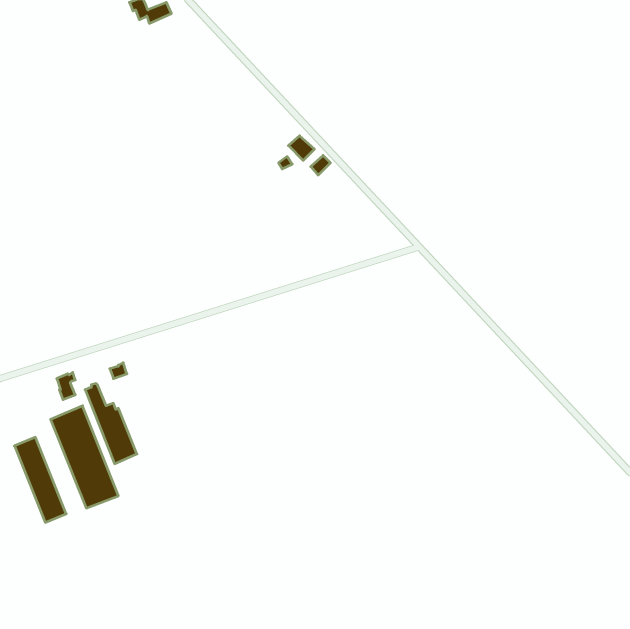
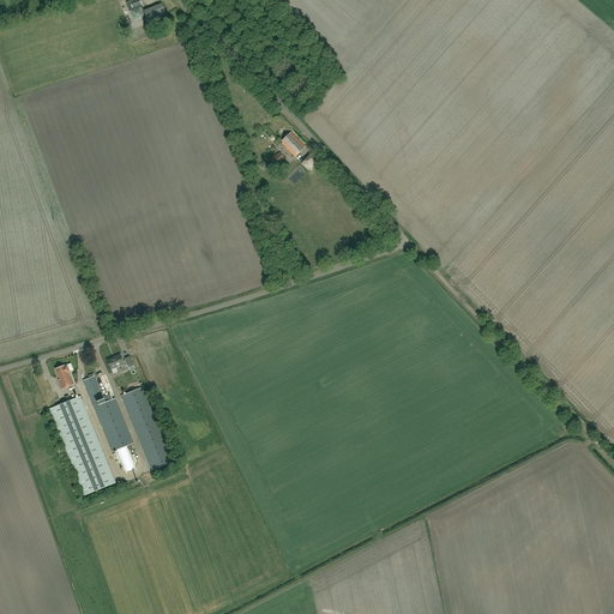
building: [14,437,66,522] -> [121,386,171,469]

